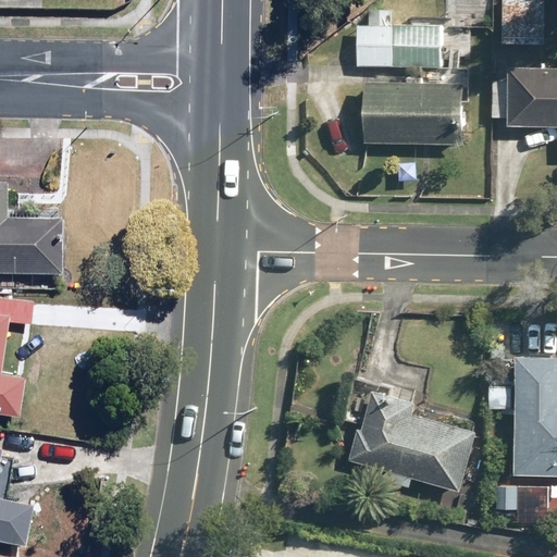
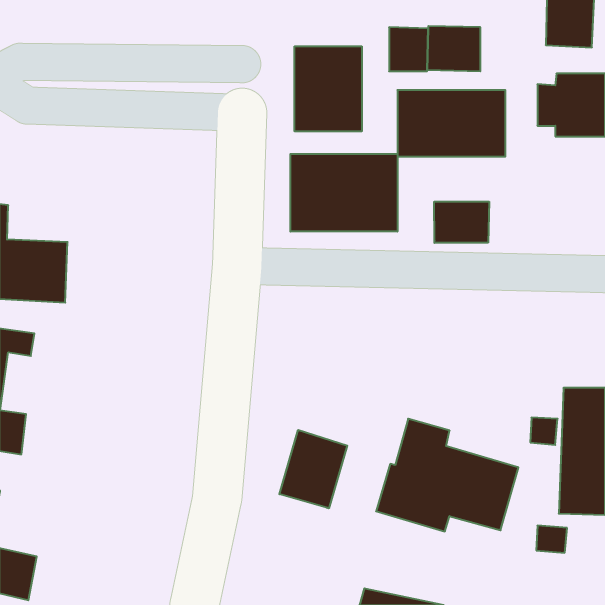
building: none -> [295,46,362,131]
building: none -> [290,154,397,232]
building: none -> [434,202,489,243]
building: none -> [279,430,347,508]

